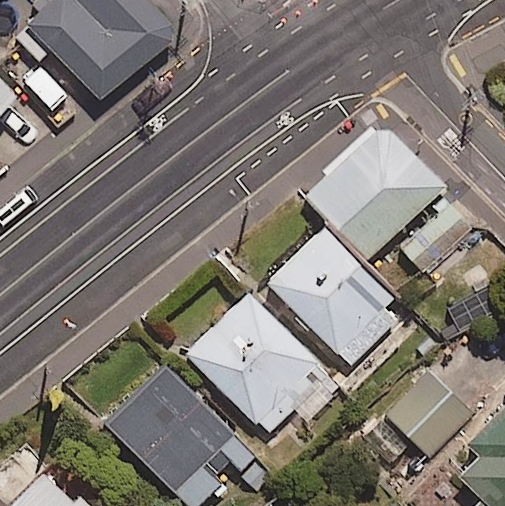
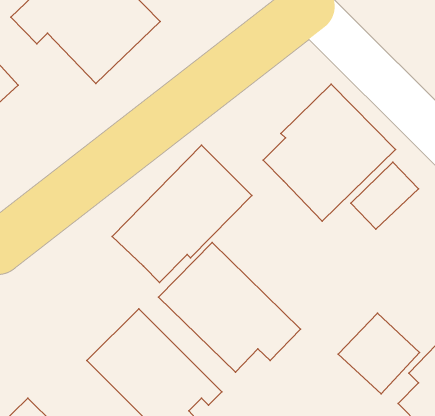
building: none -> [112,145,252,282]
building: [264,221,400,370] -> none

